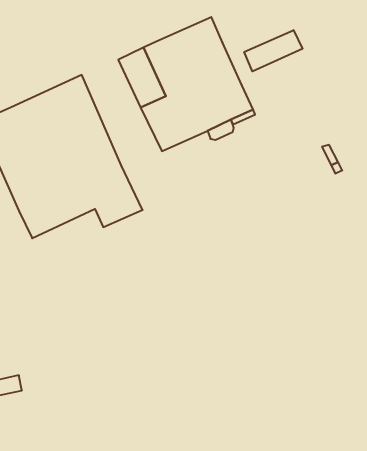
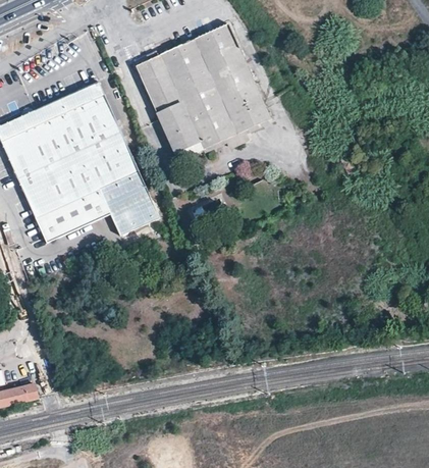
building: [244,30,302,71] -> none

